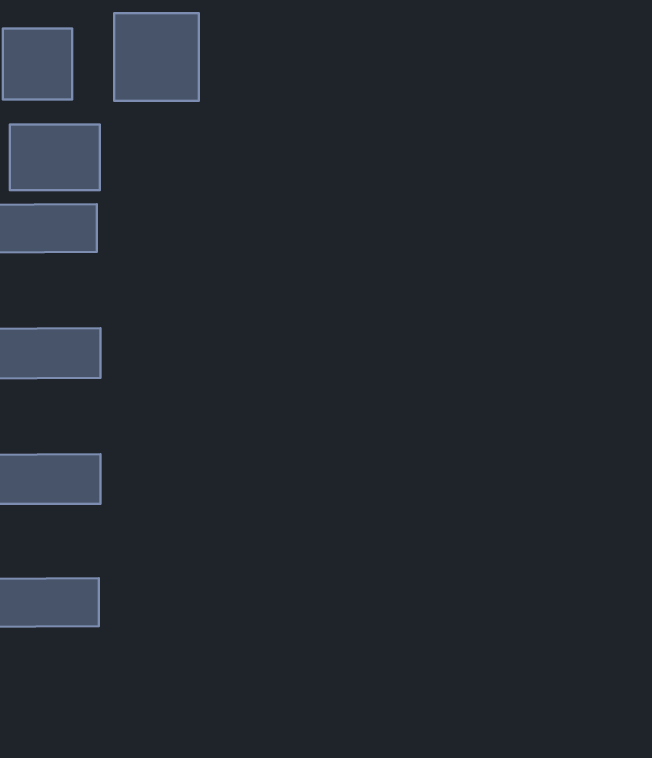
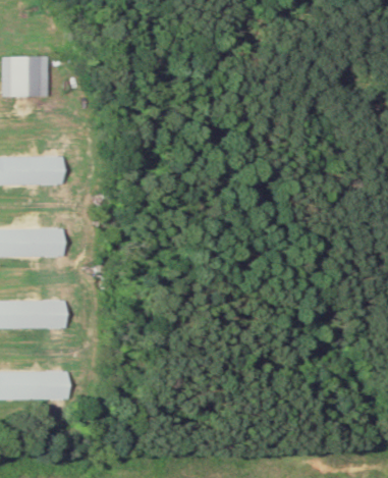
building: [114,13,199,101] -> none
building: [10,124,100,190] -> none

